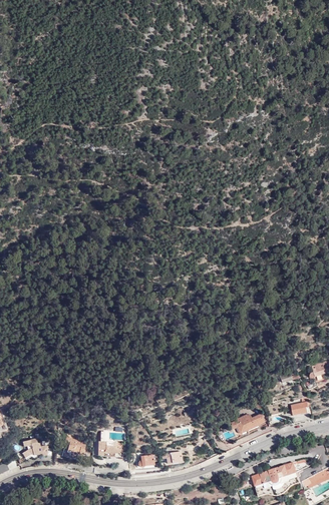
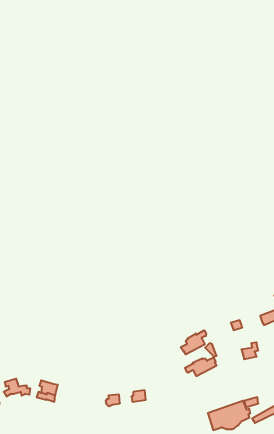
building: none -> [181,330,206,354]
building: [96,441,122,456] -> none

